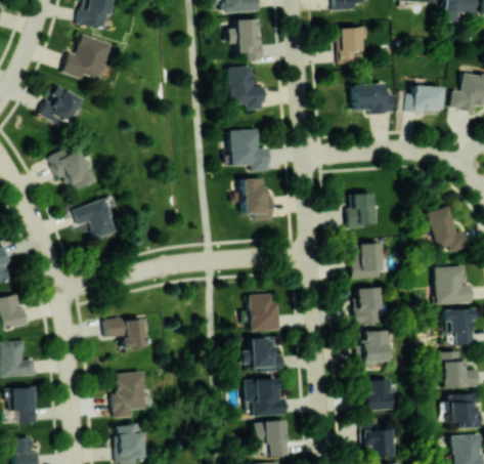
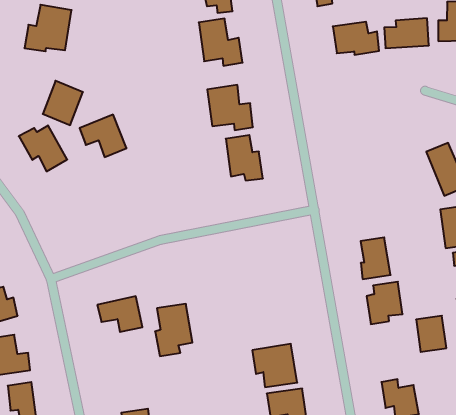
building: [40,85,80,128] -> [43,81,83,125]
building: [348,194,373,226] -> none
building: [74,200,116,239] -> [80,115,127,157]
building: [351,243,383,279] -> none
building: [249,294,280,331] -> none
building: [243,337,282,371] -> none
building: [112,372,145,418] -> [155,304,192,356]
building: [366,379,392,411] -> [416,316,446,352]

